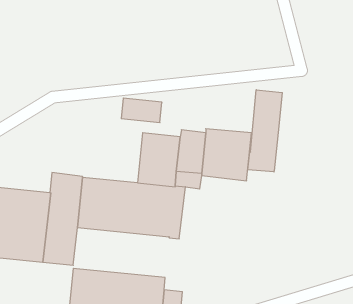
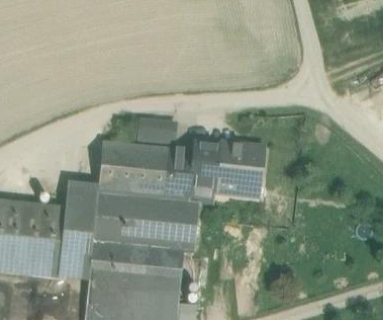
building: [248,90,282,172] -> none
building: none -> [97,143,157,197]
building: none -> [88,242,183,292]

